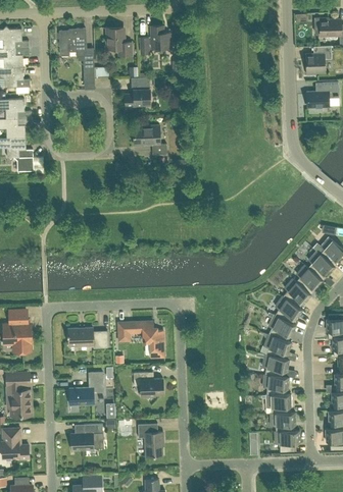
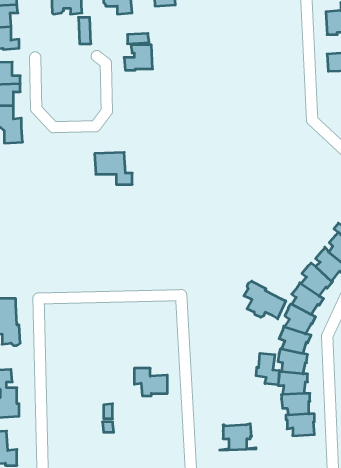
building: [133,125,166,154] -> [95,152,132,184]
building: none -> [244,281,286,319]
building: [118,321,164,357] -> none
building: [67,328,108,347] -> none
building: none -> [256,353,279,385]
building: [69,372,103,404] -> none
building: [138,423,163,456] -> none
building: [71,424,103,450] -> none
building: [272,430,304,453] -> [220,424,256,450]

